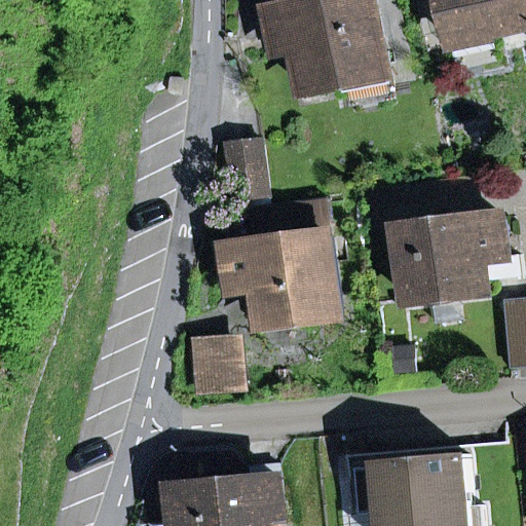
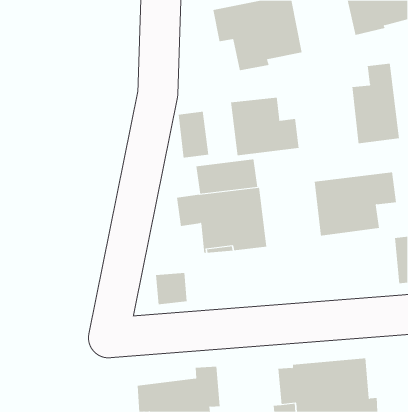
building: none -> [352,63,400,144]
building: none -> [230,97,299,156]

